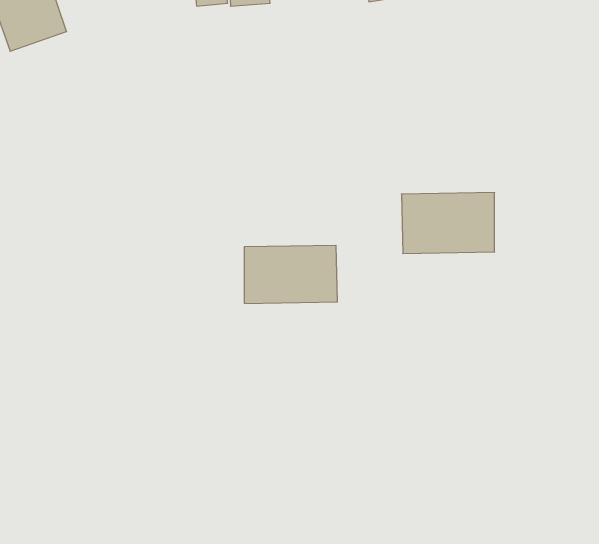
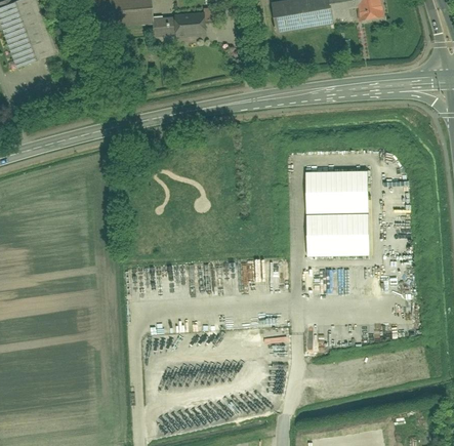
building: [244,245,337,303] -> [302,214,370,256]

